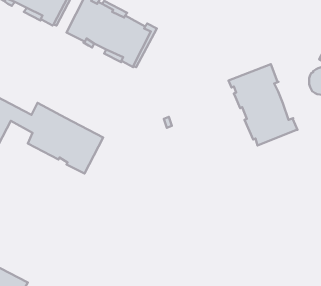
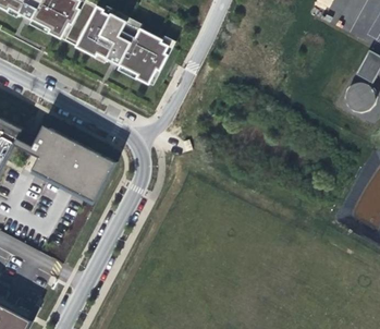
building: [228,64,298,145] -> none

